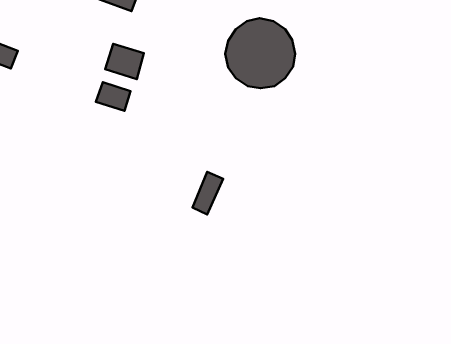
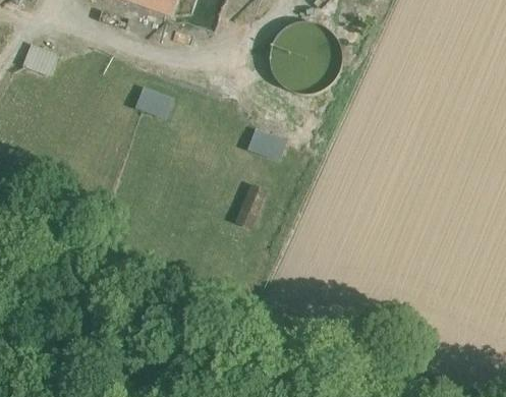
building: [105,44,144,79] -> none
building: none -> [249,130,283,160]

